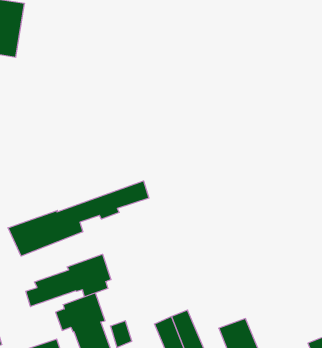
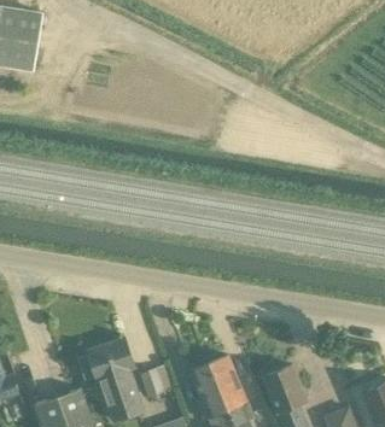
building: [8,181,149,256] -> none
building: [26,254,111,307] -> none

